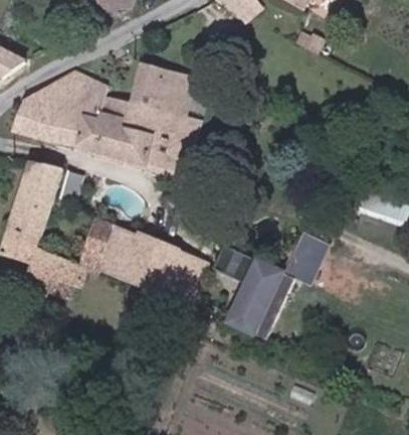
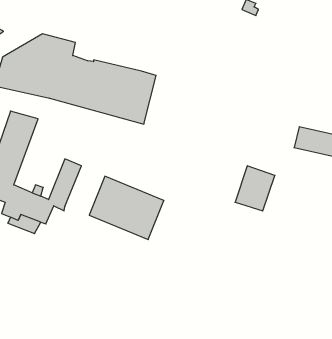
building: [128,61,191,114] -> none
building: [94,224,141,281] -> none
building: [216,247,296,339] -> none

